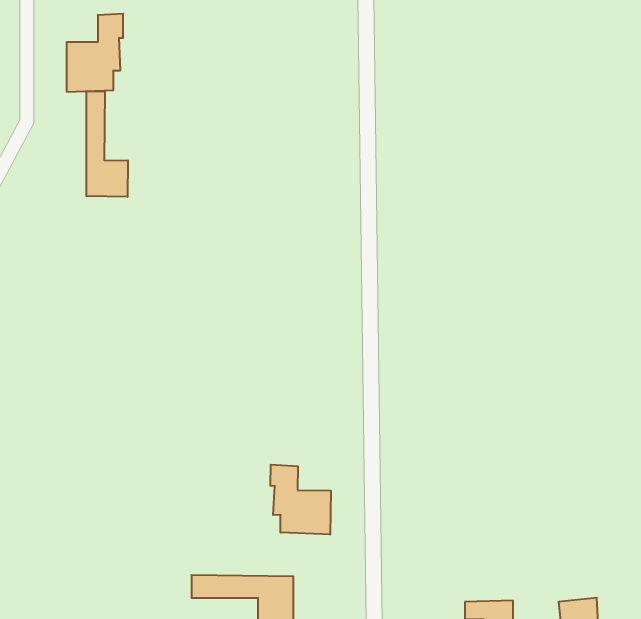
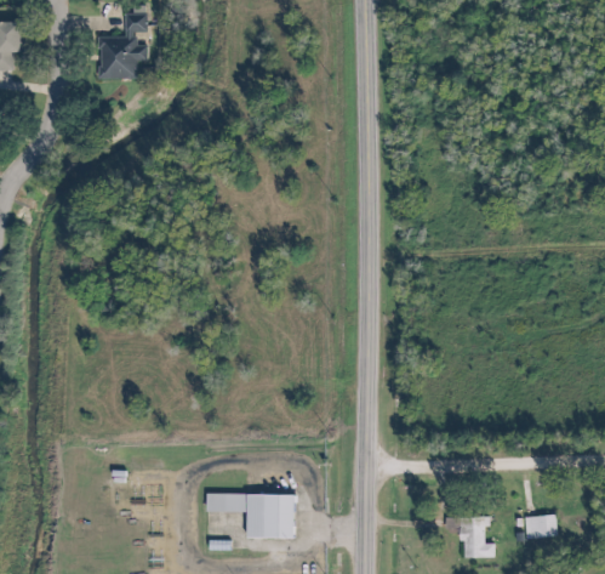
building: [87,91,128,197] -> none
building: [270,465,331,535] -> none

